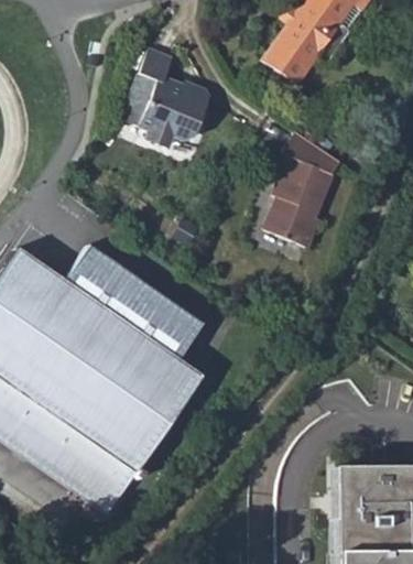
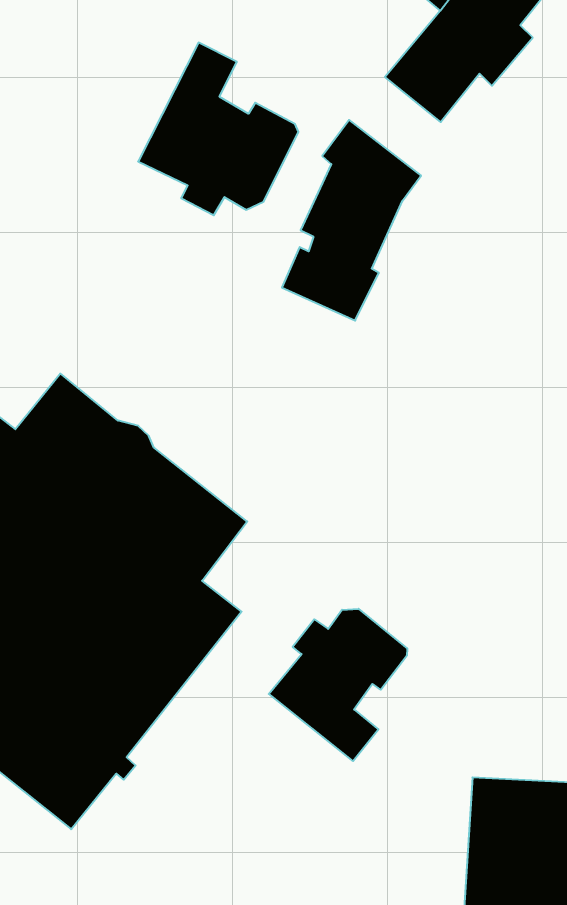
building: [263,130,340,247] -> [282,120,421,321]
building: none -> [269,609,407,761]

